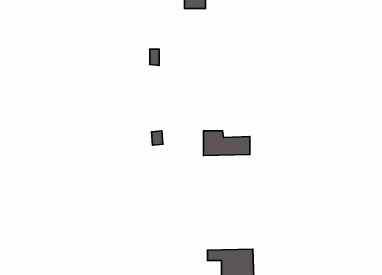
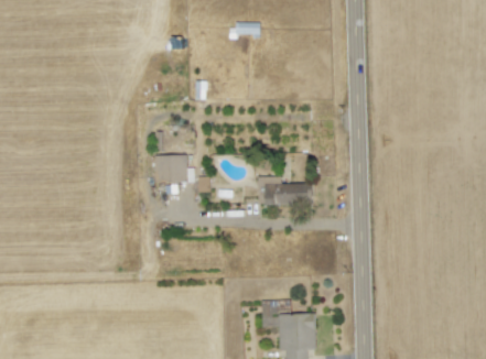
building: none -> [154,154,187,183]

